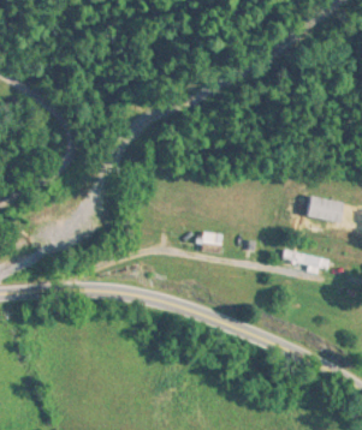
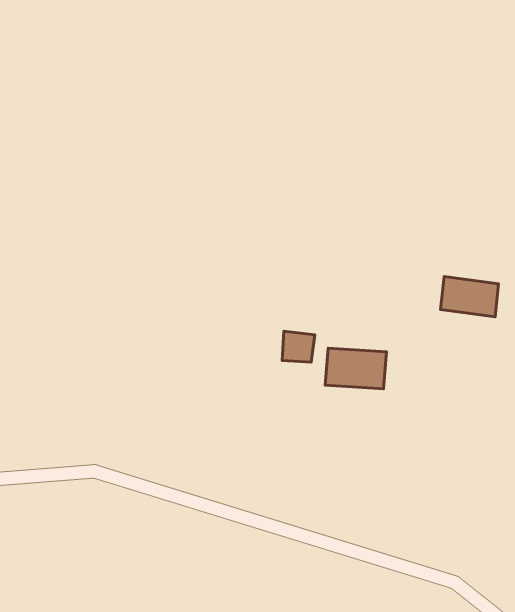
building: none -> [325,348,386,389]

